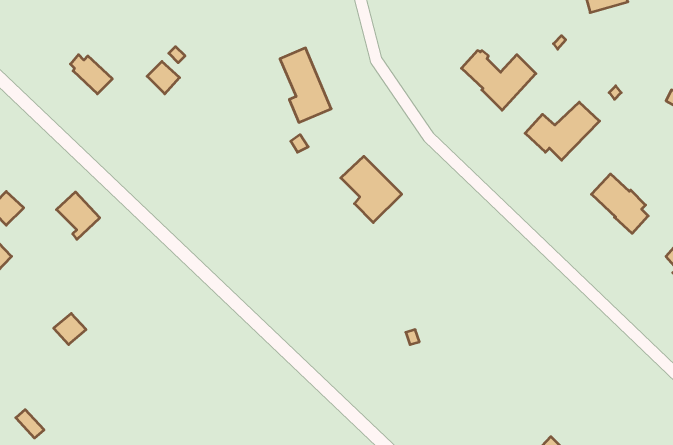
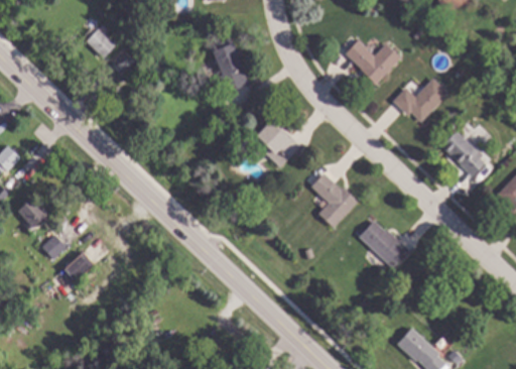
building: [70,55,112,94] -> [85,28,116,57]
building: [56,192,100,239] -> [14,197,46,232]
building: none -> [312,173,358,228]
building: none -> [360,222,410,269]
building: none -> [64,253,94,281]

